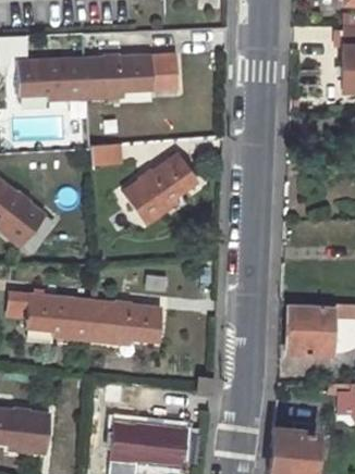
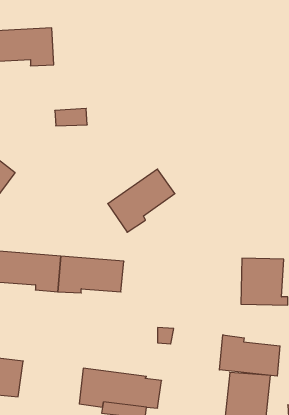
building: [84,54,177,98] -> none
building: [125,157,197,224] -> [108,169,175,232]
building: none -> [219,335,280,376]

